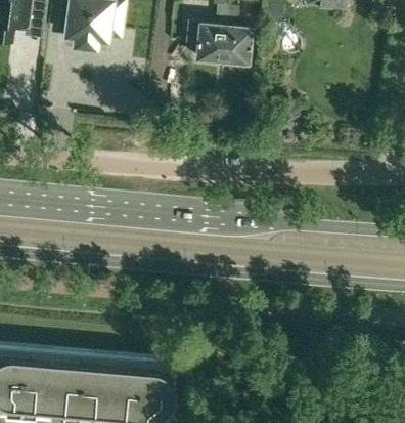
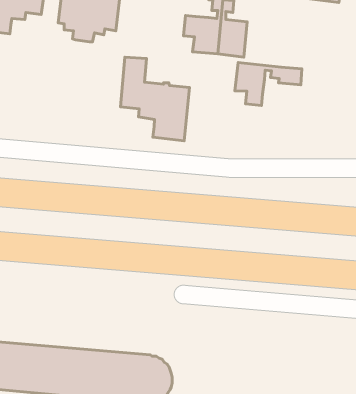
building: none -> [120,57,190,141]
building: none -> [235,63,302,105]

